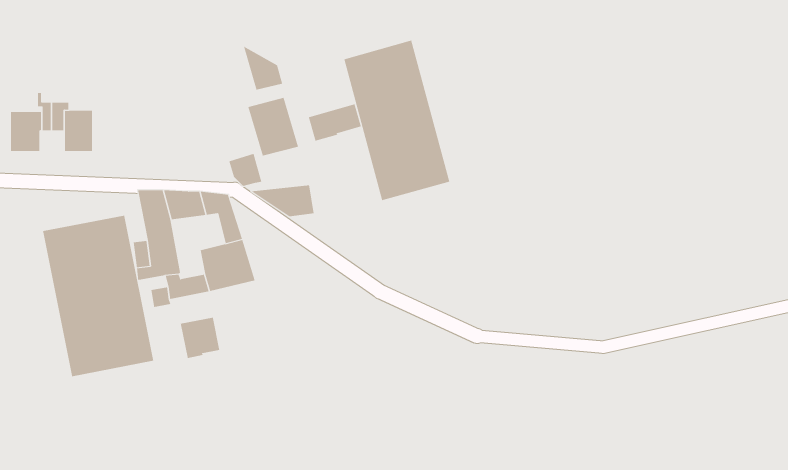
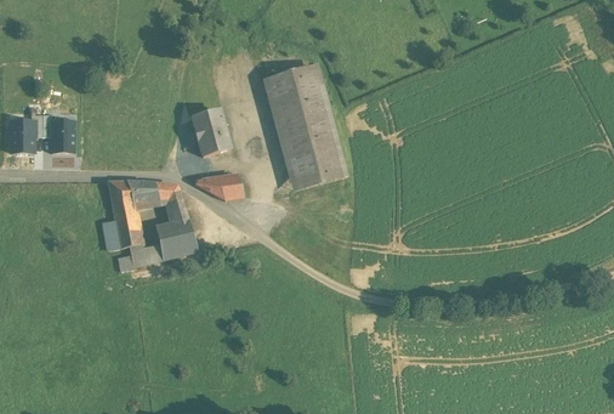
building: [243,46,283,91] -> none
building: [308,103,362,142] -> none
building: [43,215,154,377] -> none
building: [180,317,220,359] -> none

